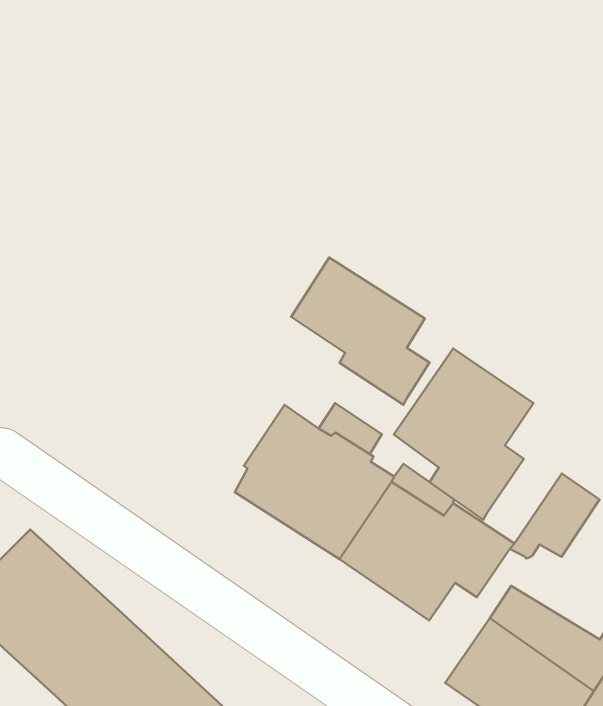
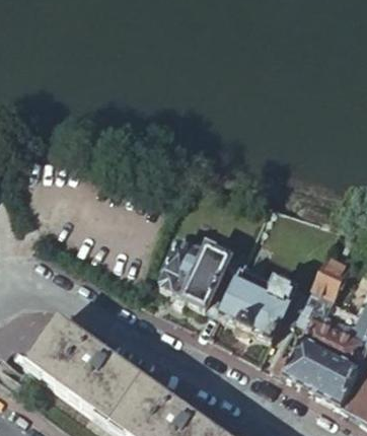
building: [291,258,429,405] -> none
building: [394,349,534,520] -> none

